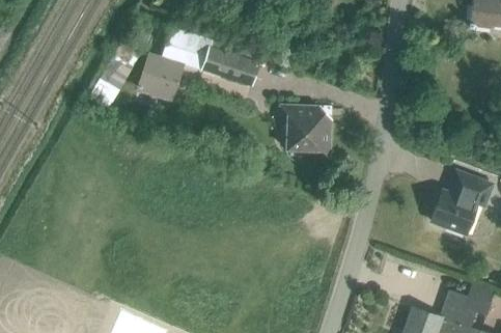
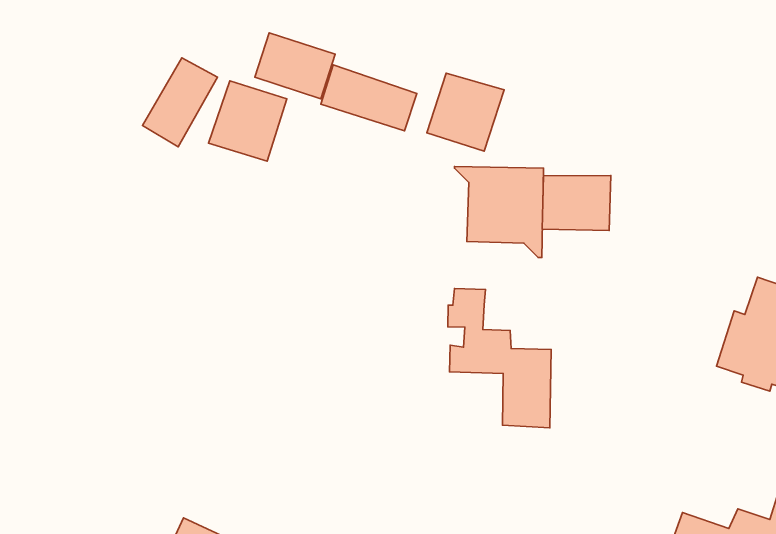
building: none -> [427,73,504,151]
building: none -> [542,176,611,231]
building: none -> [448,289,551,428]

